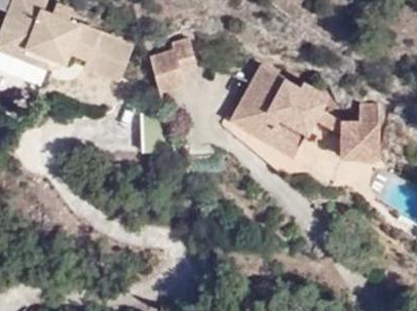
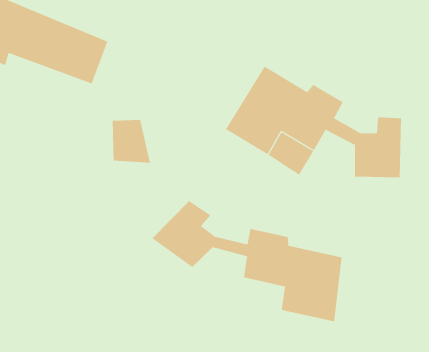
building: [151,38,198,92] -> none
building: none -> [151,200,342,322]

